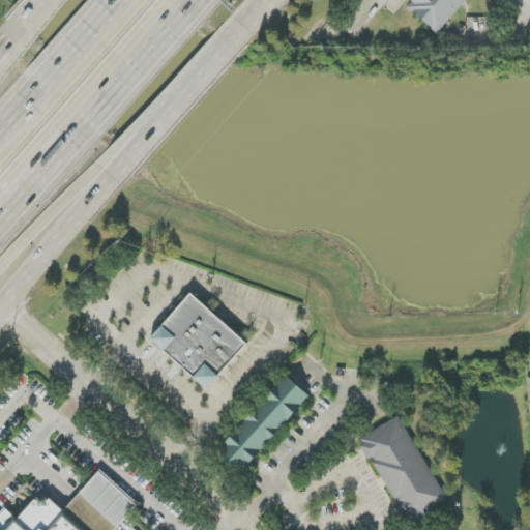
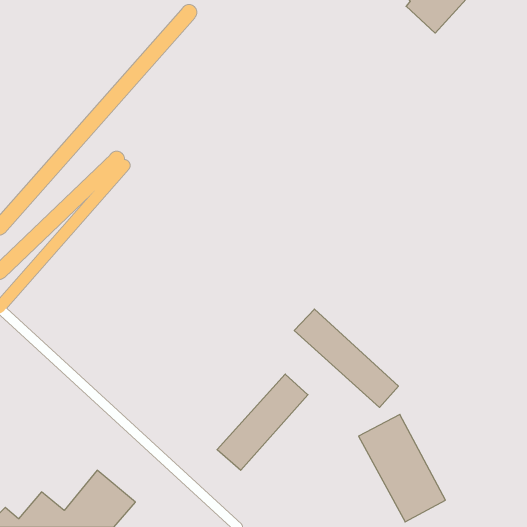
building: [148,292,247,389] -> none
building: none -> [294,309,398,407]

